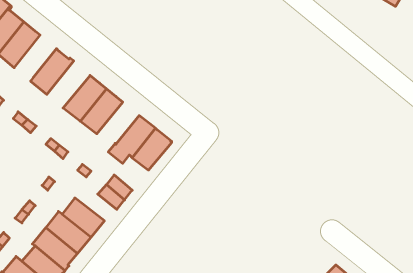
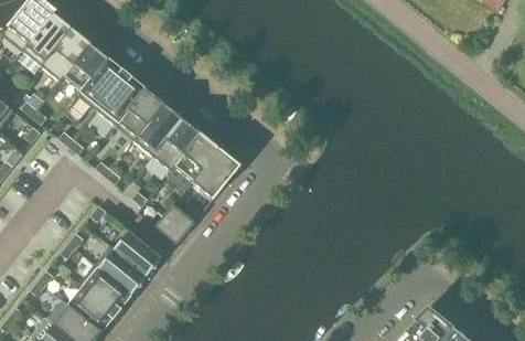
building: none -> [60,43,108,92]
building: none -> [97,73,147,127]
building: none -> [154,120,203,172]

